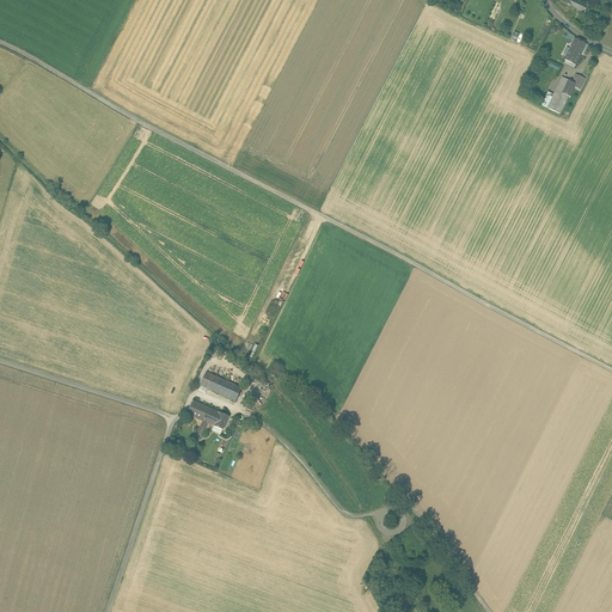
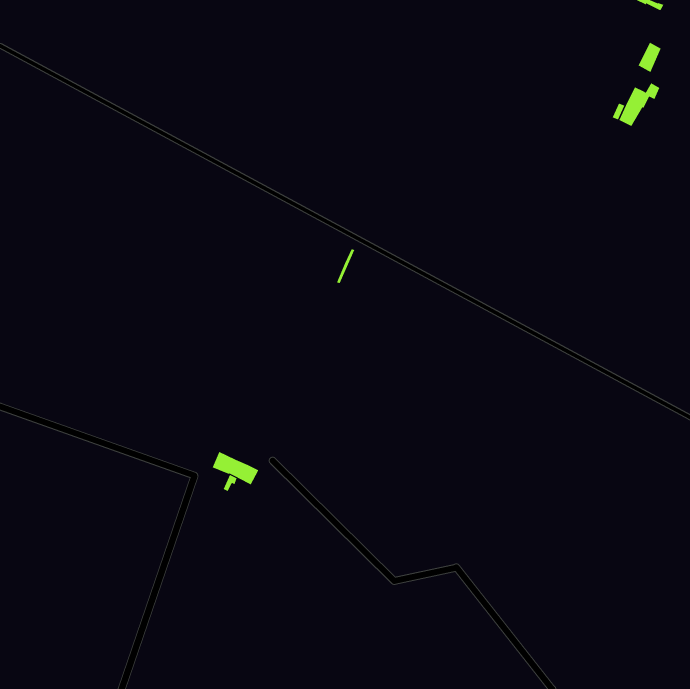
building: [198,372,241,400] -> none

